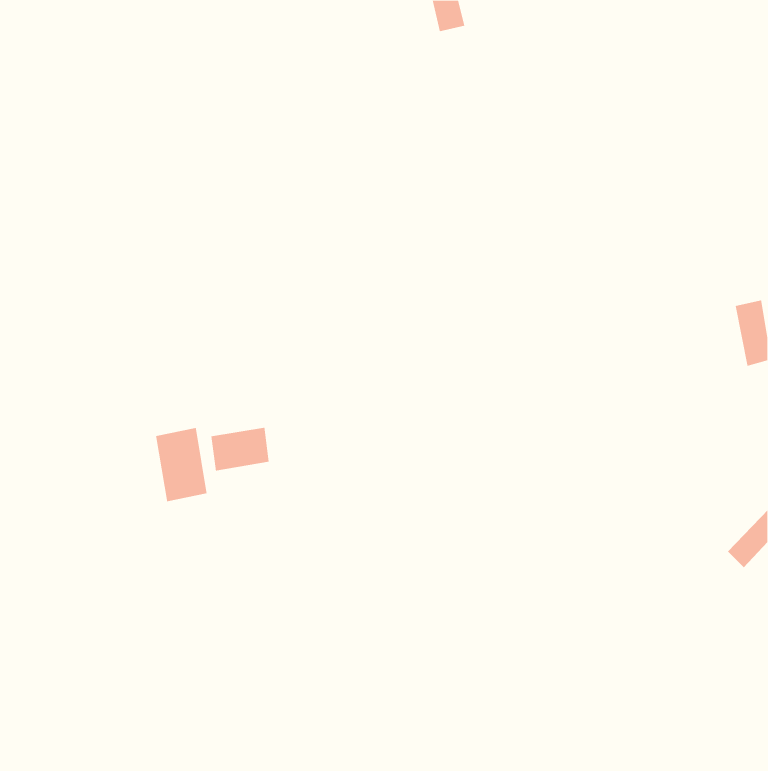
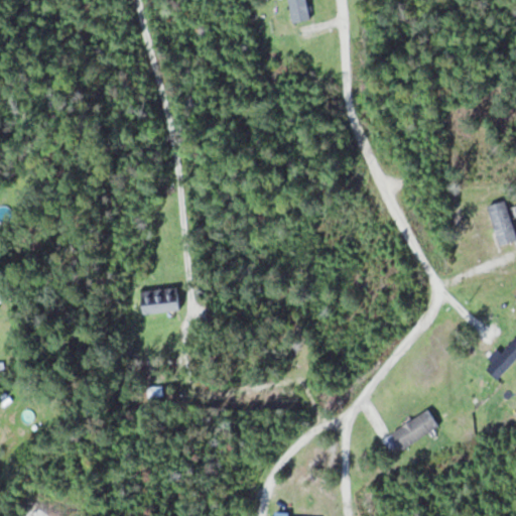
building: [156,427,207,502] -> none
building: none -> [390,409,437,452]

